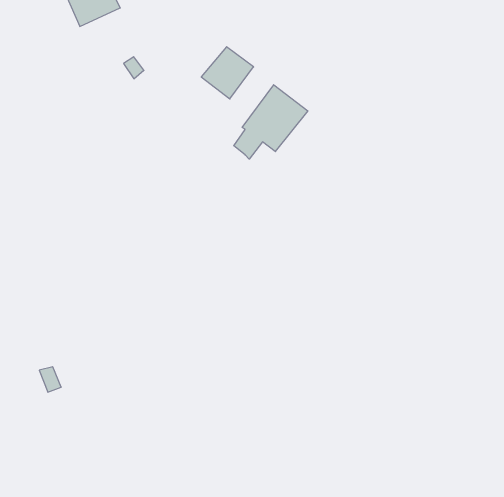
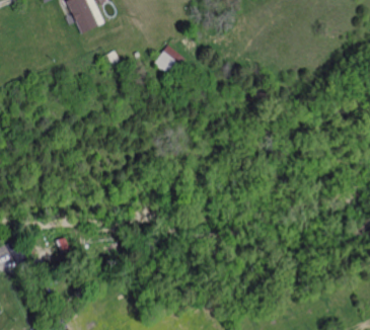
building: [234,85,308,159] -> none

